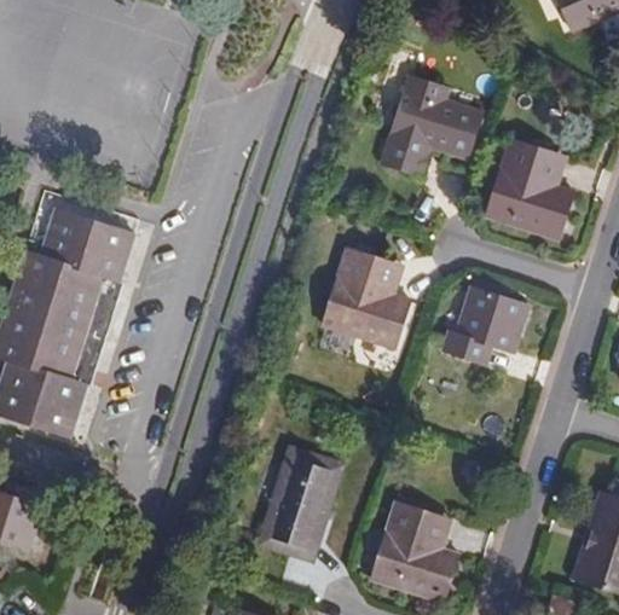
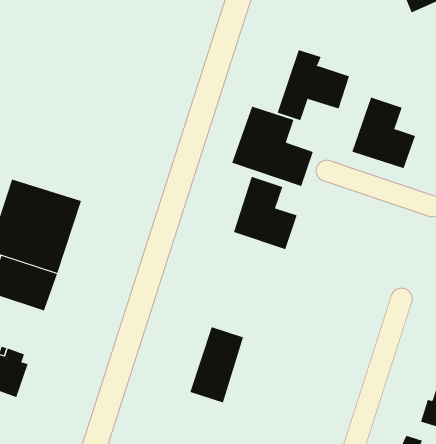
building: none -> [231,106,314,187]
building: [27,195,145,283] -> none
building: [442,286,528,362] -> none
building: [370,503,458,602] -> none

